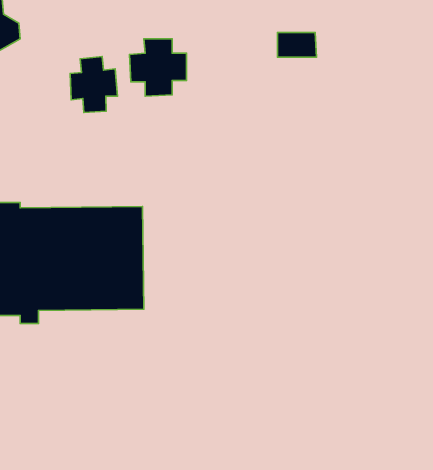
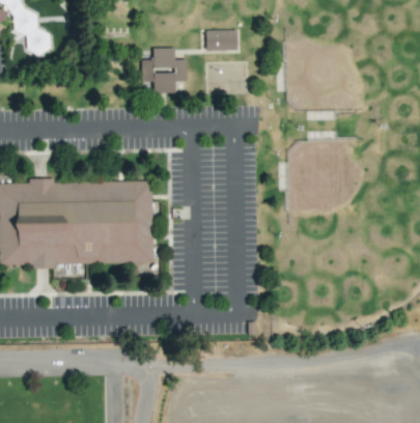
building: [277,33,316,57] -> [207,29,239,49]
building: [70,56,117,112] -> none

